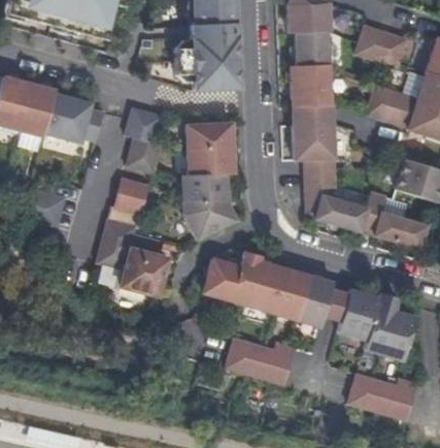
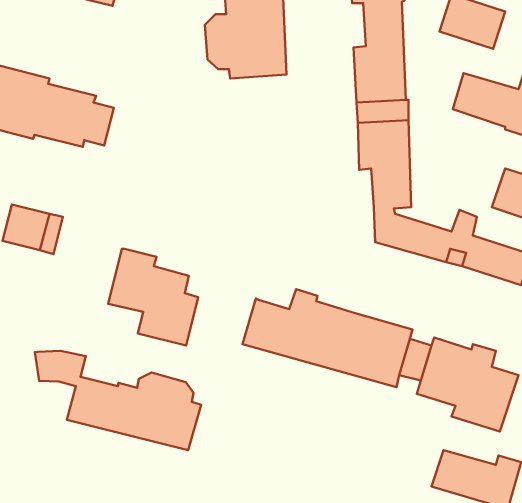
building: [128,108,164,172] -> none
building: [184,122,238,239] -> none
building: [116,178,151,214] -> none
building: none -> [35,351,201,450]
building: [229,340,298,384] -> none

